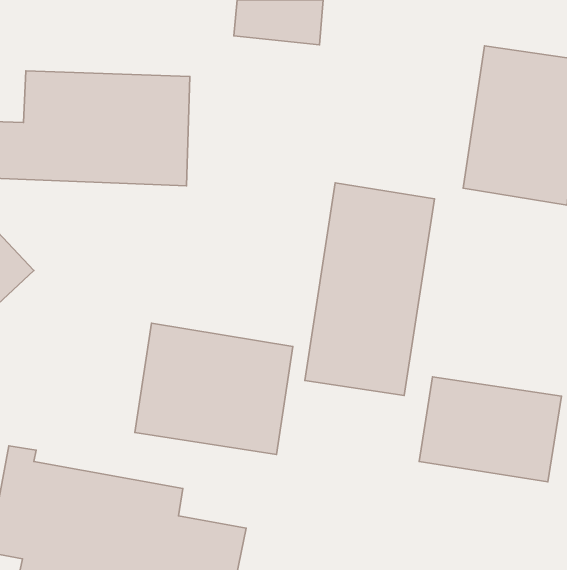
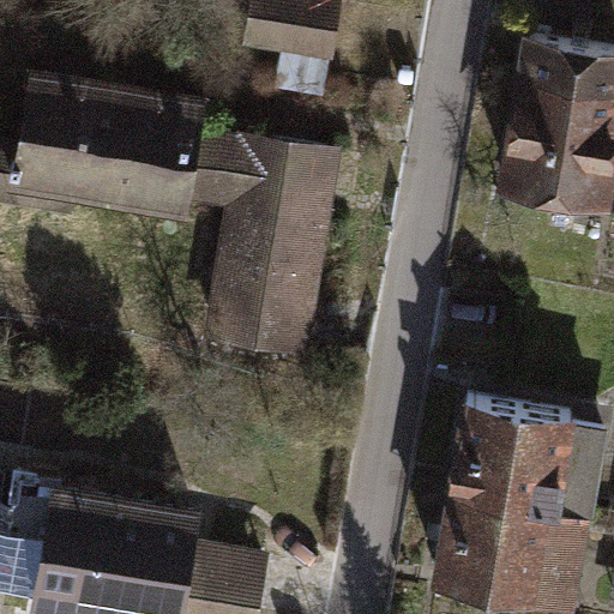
building: [305,183,435,395] -> [210,132,348,357]
building: [135,323,293,454] -> none
building: none -> [433,496,584,606]

